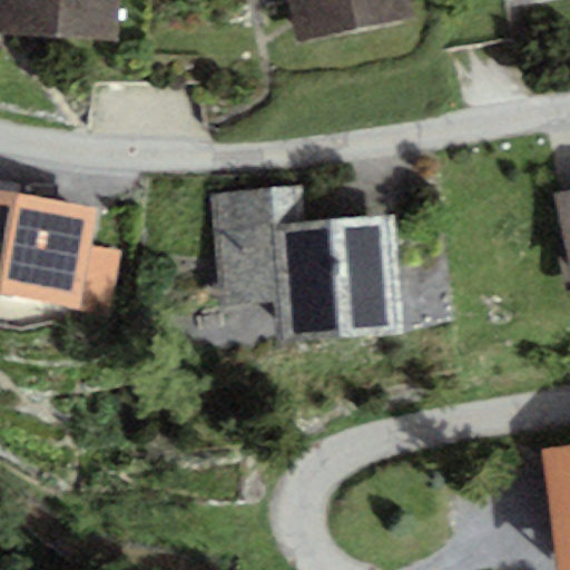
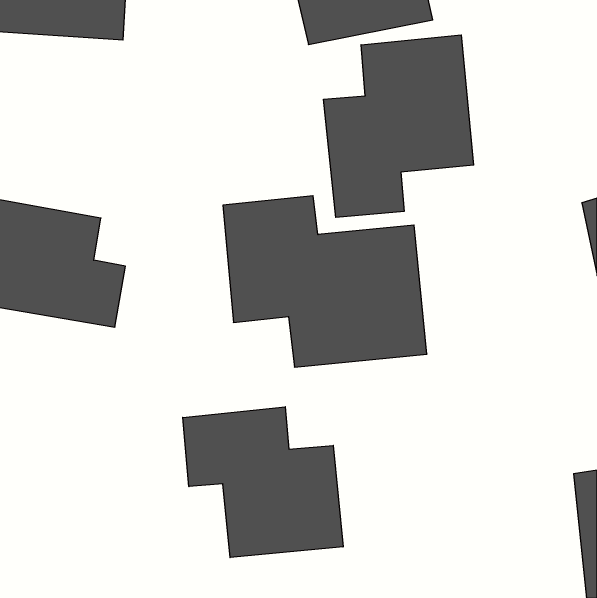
building: none -> [324,35,474,217]
building: none -> [183,407,343,558]

